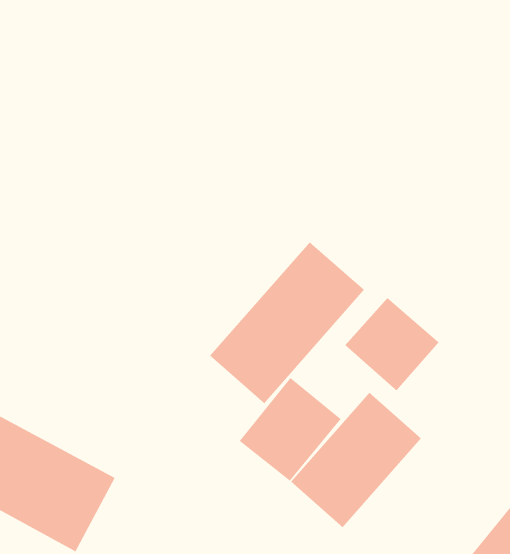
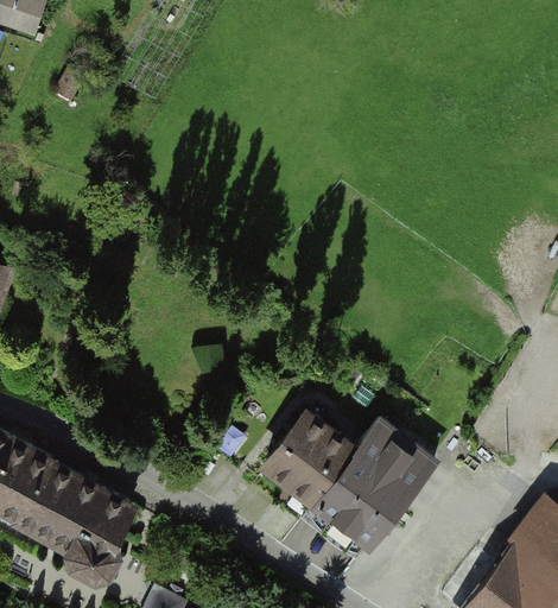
building: [209,241,365,404] -> none
building: [344,297,439,391] -> none

